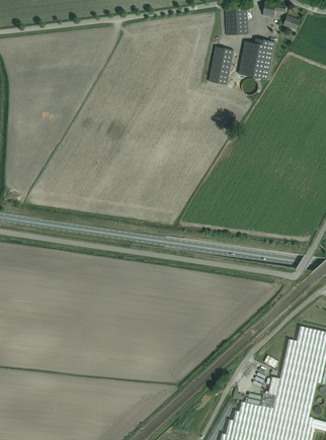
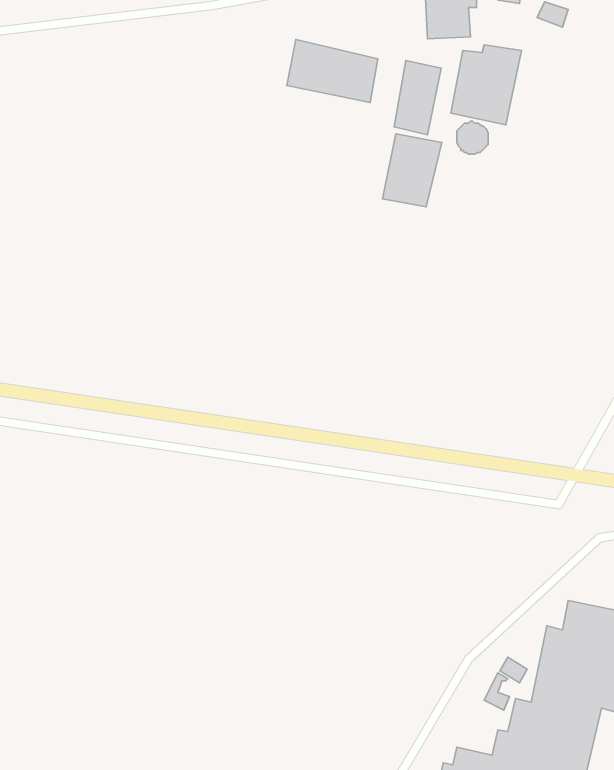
building: none -> [287,39,378,103]
building: none -> [383,134,442,207]

